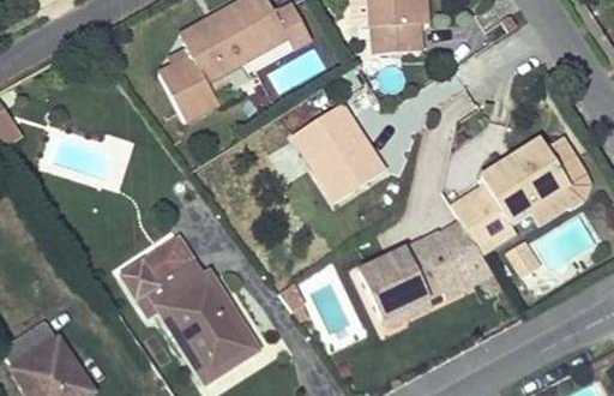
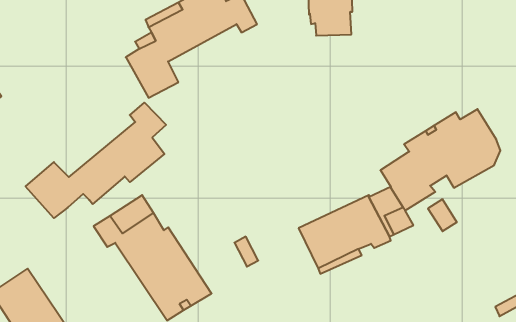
building: [293,101,385,199] -> none
building: none -> [26,103,166,218]

